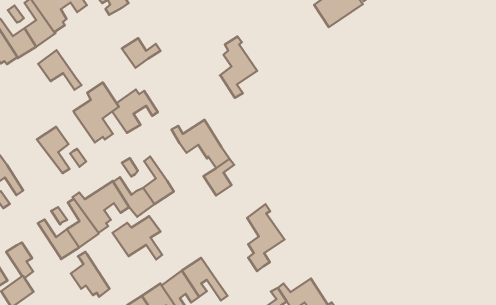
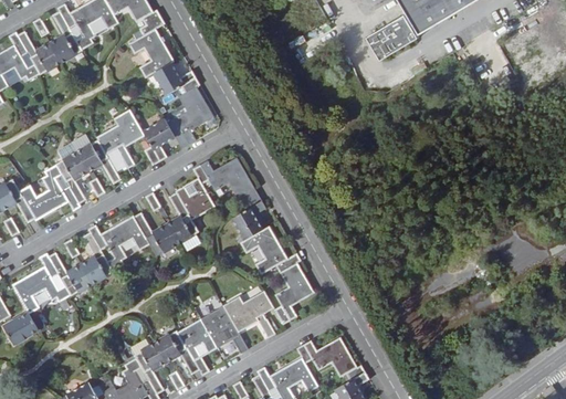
building: none -> [127,29,175,78]
building: [220,36,257,98] -> [172,78,213,145]
building: [38,50,81,90] -> [75,139,120,183]
building: none -> [175,165,214,220]
building: none -> [19,165,81,222]
building: none -> [239,225,287,275]
building: [113,216,162,259] -> [222,291,274,338]
building: [71,252,110,297] -> [29,253,70,303]

